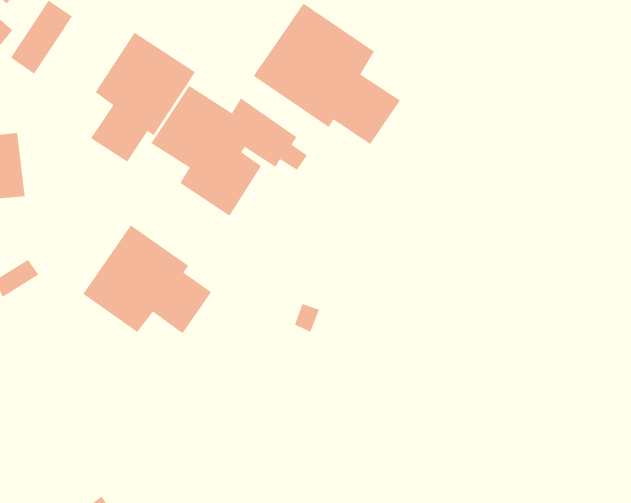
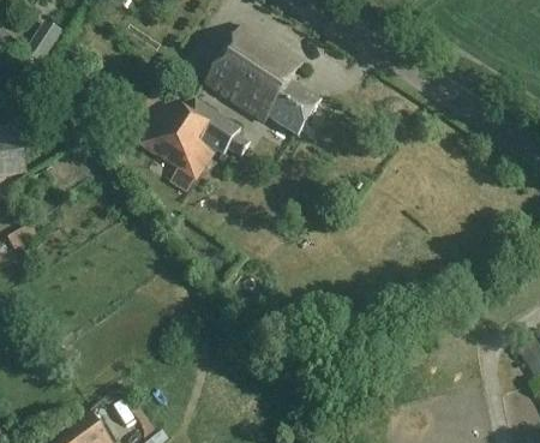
building: [90,32,196,162] -> none
building: [82,224,212,334] -> none

